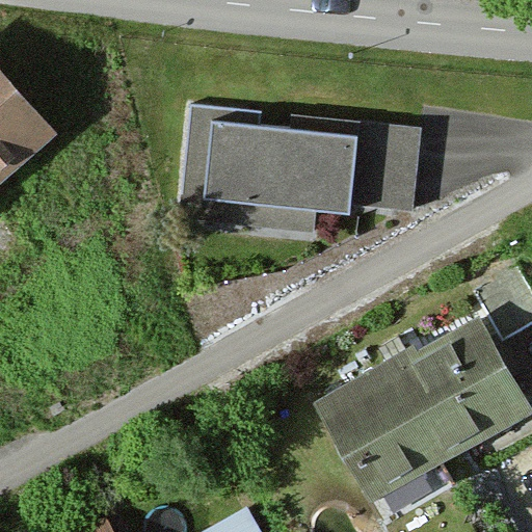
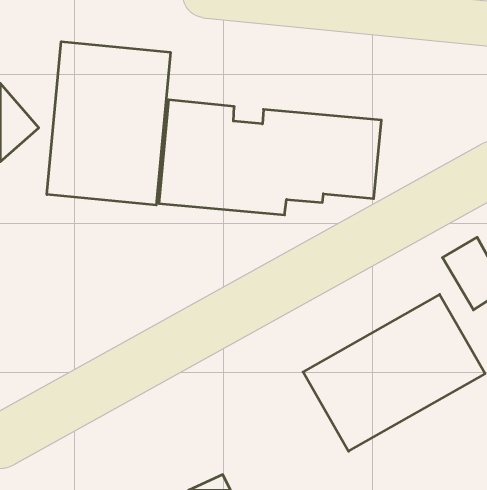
building: none -> [47,42,170,205]

